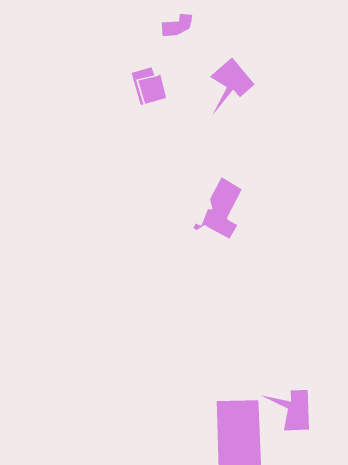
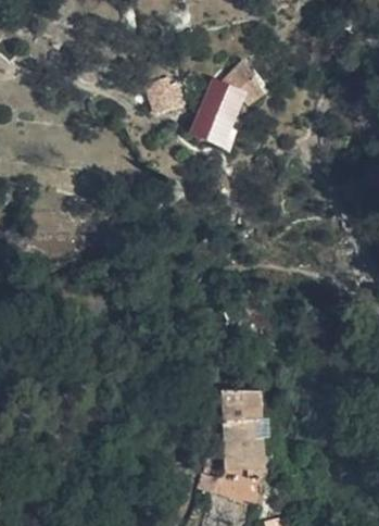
building: [192,176,243,240] -> [182,82,233,146]
building: [261,389,310,431] -> none

